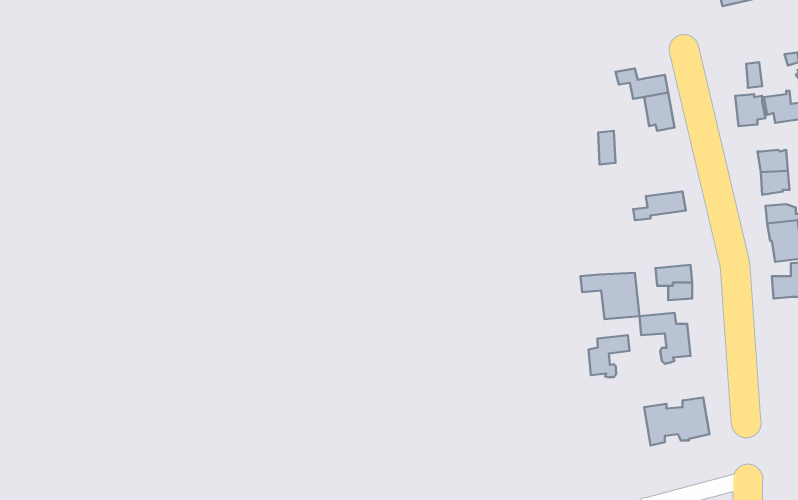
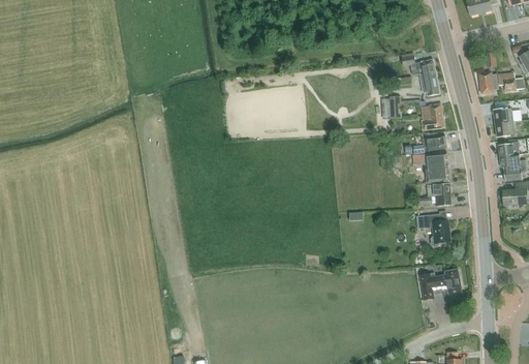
building: none -> [422,103,443,129]
building: [580,273,639,319] -> [411,152,449,182]
building: [588,335,629,377] -> none

